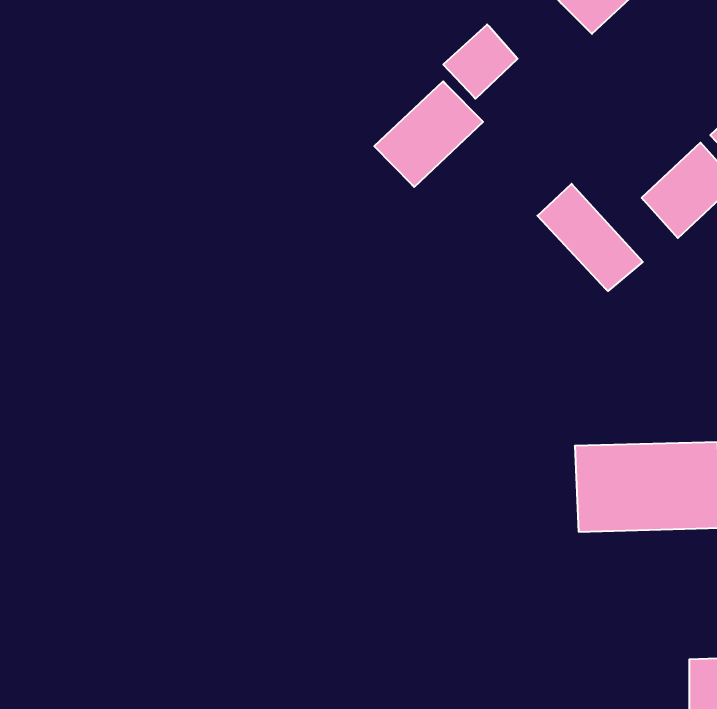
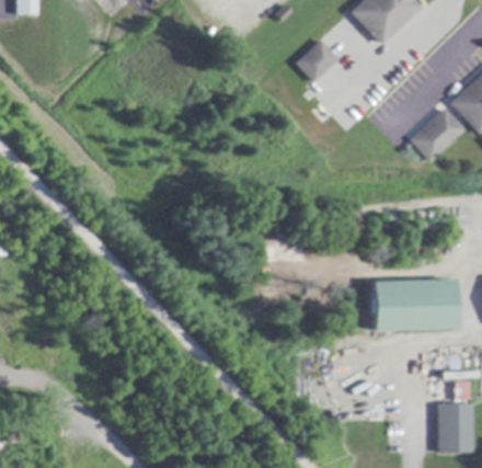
building: [374,81,483,187] -> none
building: [537,184,643,291] -> none

